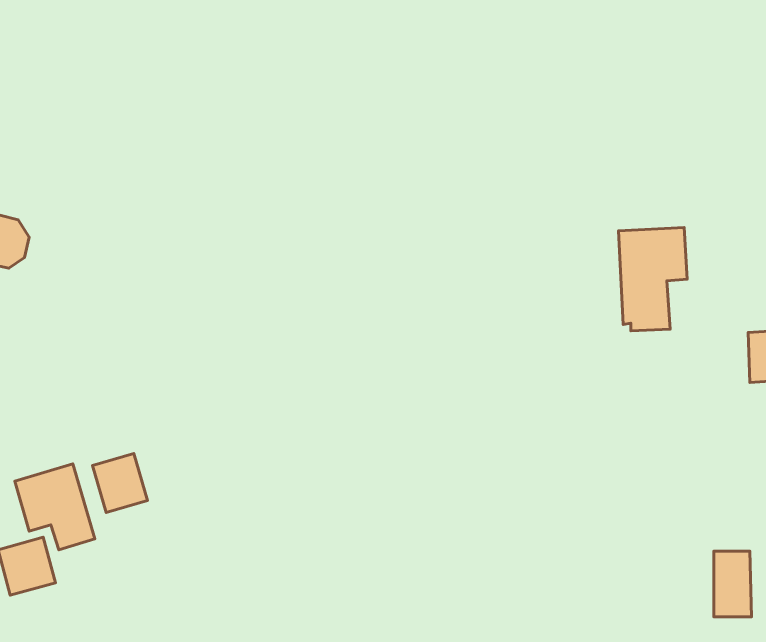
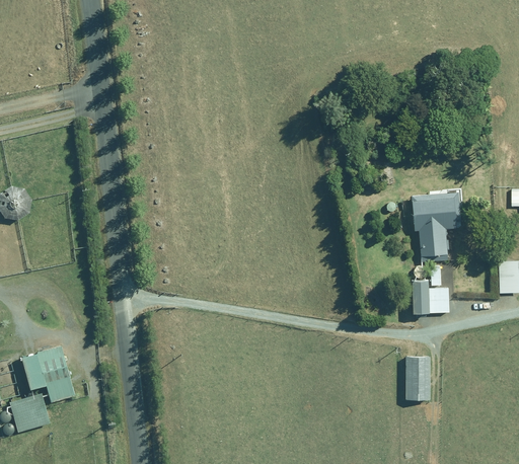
building: none -> [411,266,448,313]
building: [92,454,147,513] -> none
building: [714,551,751,617] -> [405,357,430,399]

